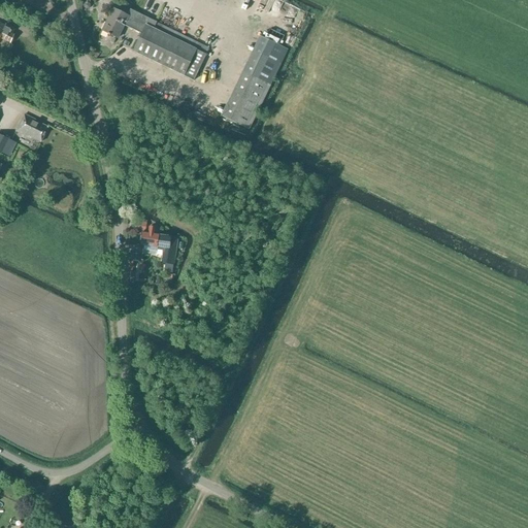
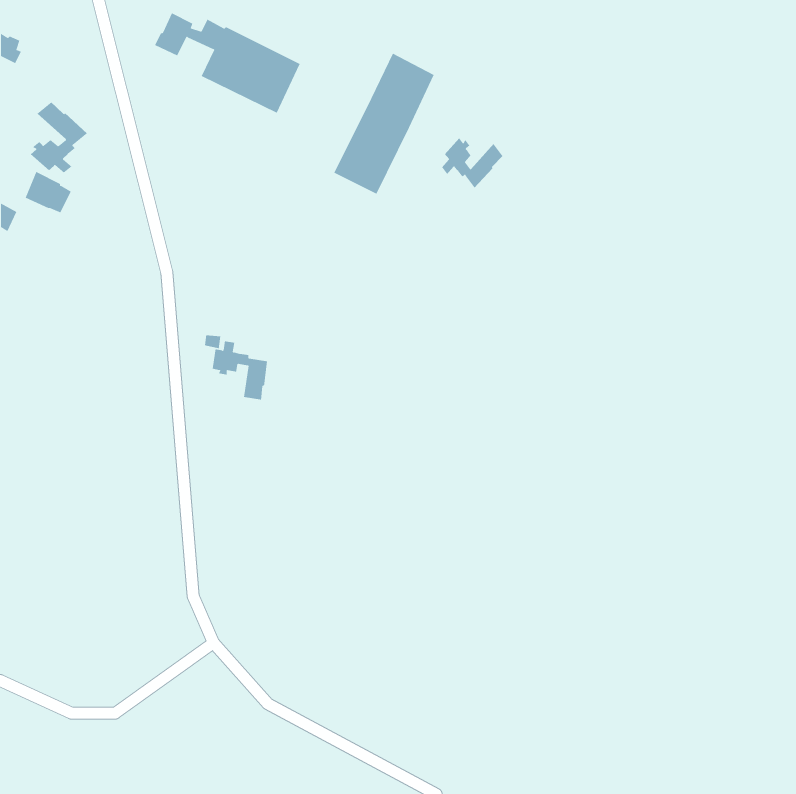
building: none -> [30,102,88,173]
building: none -> [442,137,503,188]

